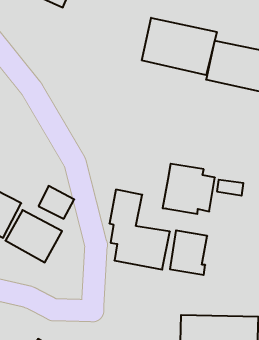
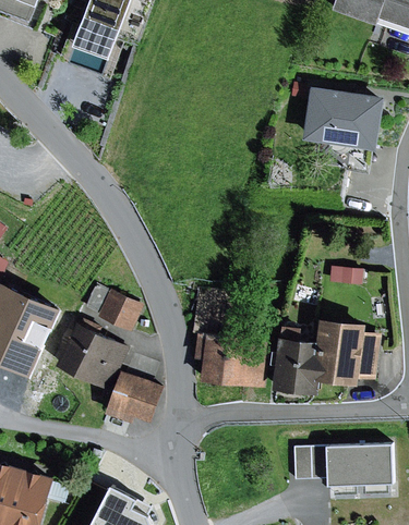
building: [142,18,217,75] -> none
building: [163,164,215,214] -> [314,320,380,383]
building: none -> [105,370,164,423]

